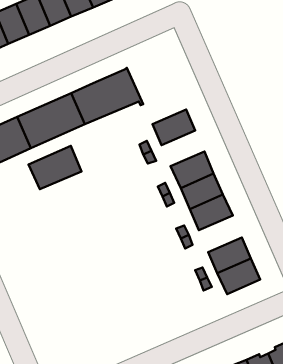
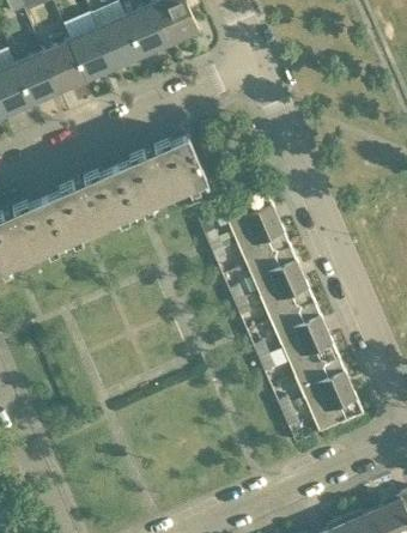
building: none -> [232,218,288,265]
building: [28,146,81,189] -> none
building: none -> [281,329,338,377]

